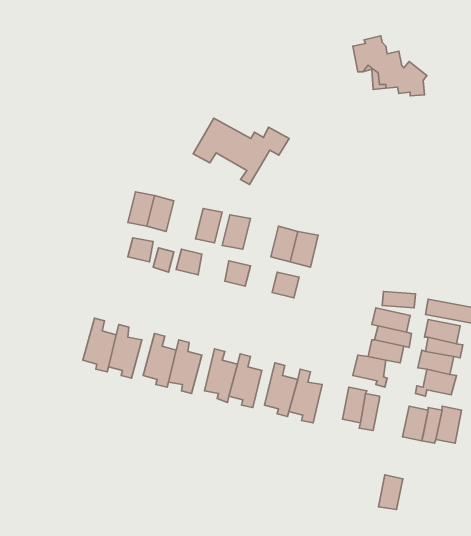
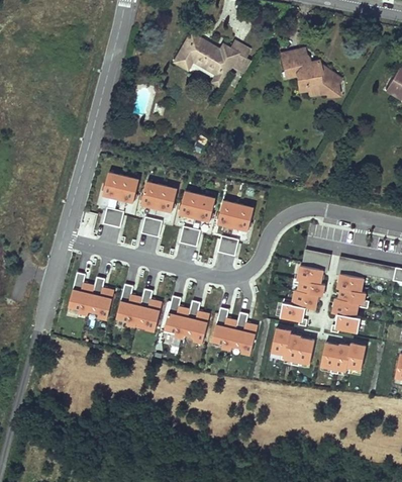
building: [193,118,289,185] -> [173,34,248,87]
building: none -> [141,182,163,210]
building: none -> [194,194,215,222]
building: [379,475,403,509] -> [297,336,316,364]

